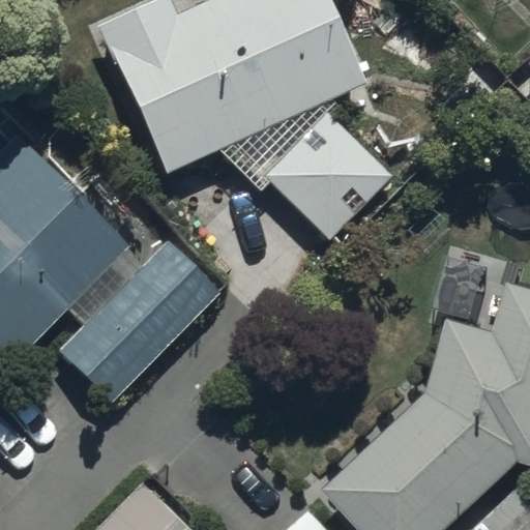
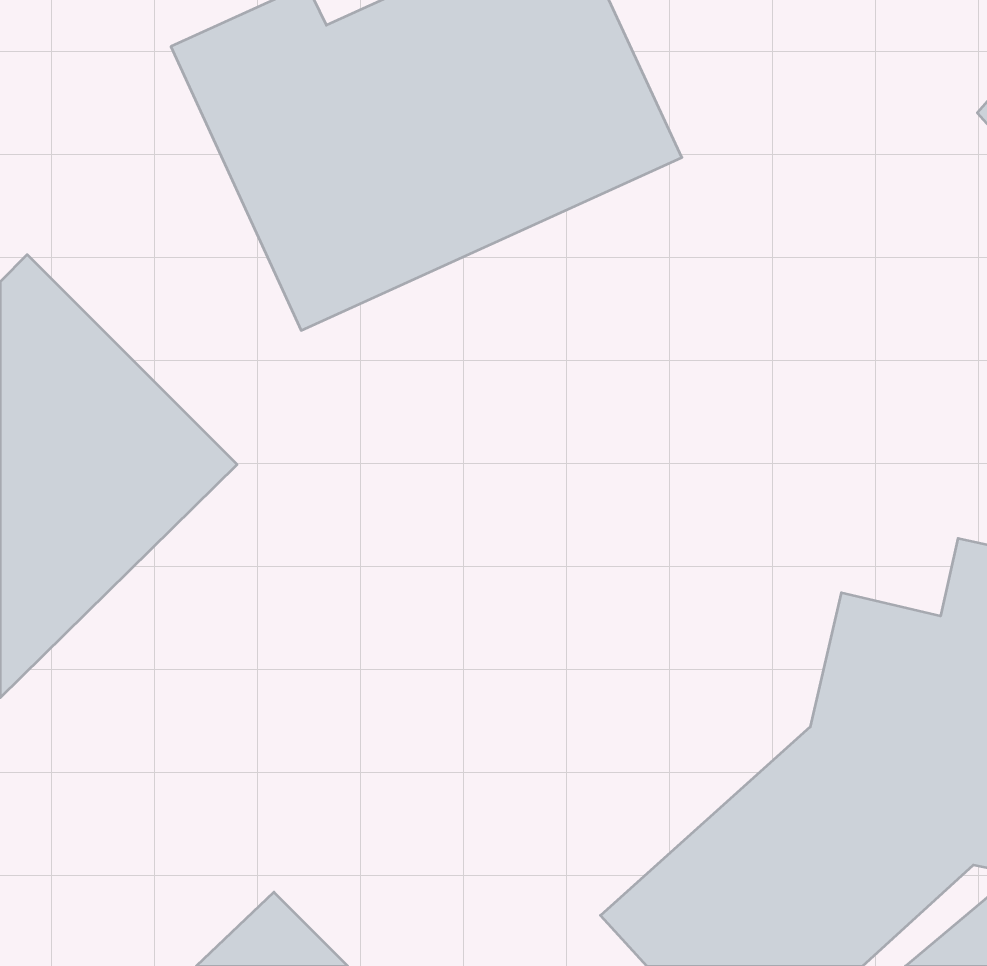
building: [264,111,393,240] -> none
building: [54,234,222,403] -> none

